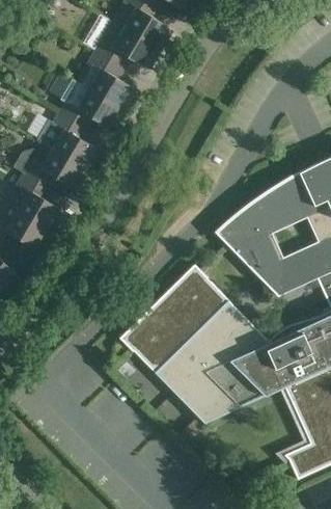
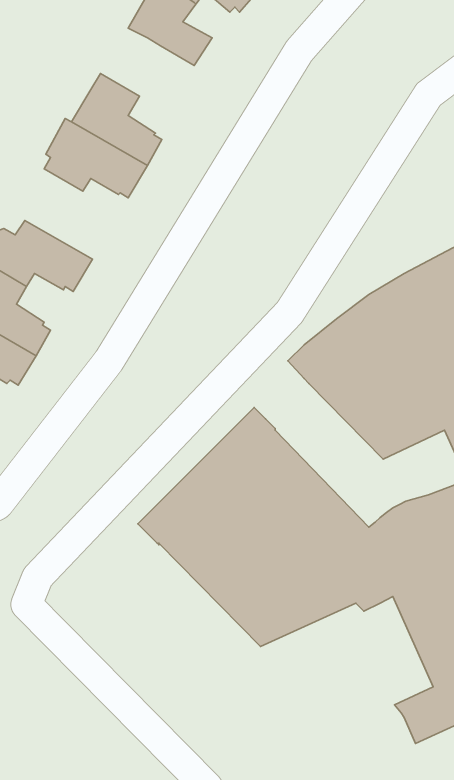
building: [95,20,161,68] -> none
building: [38,110,100,168] -> none

